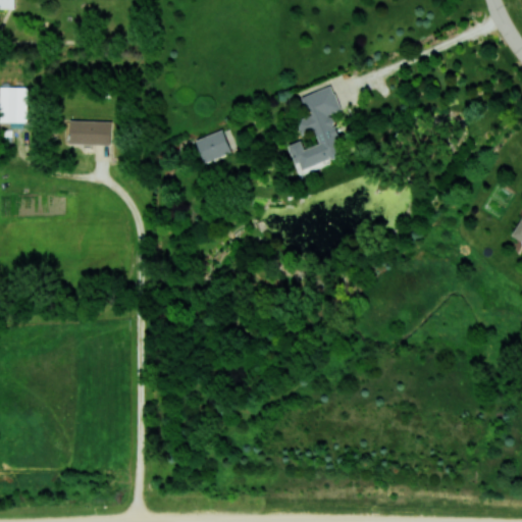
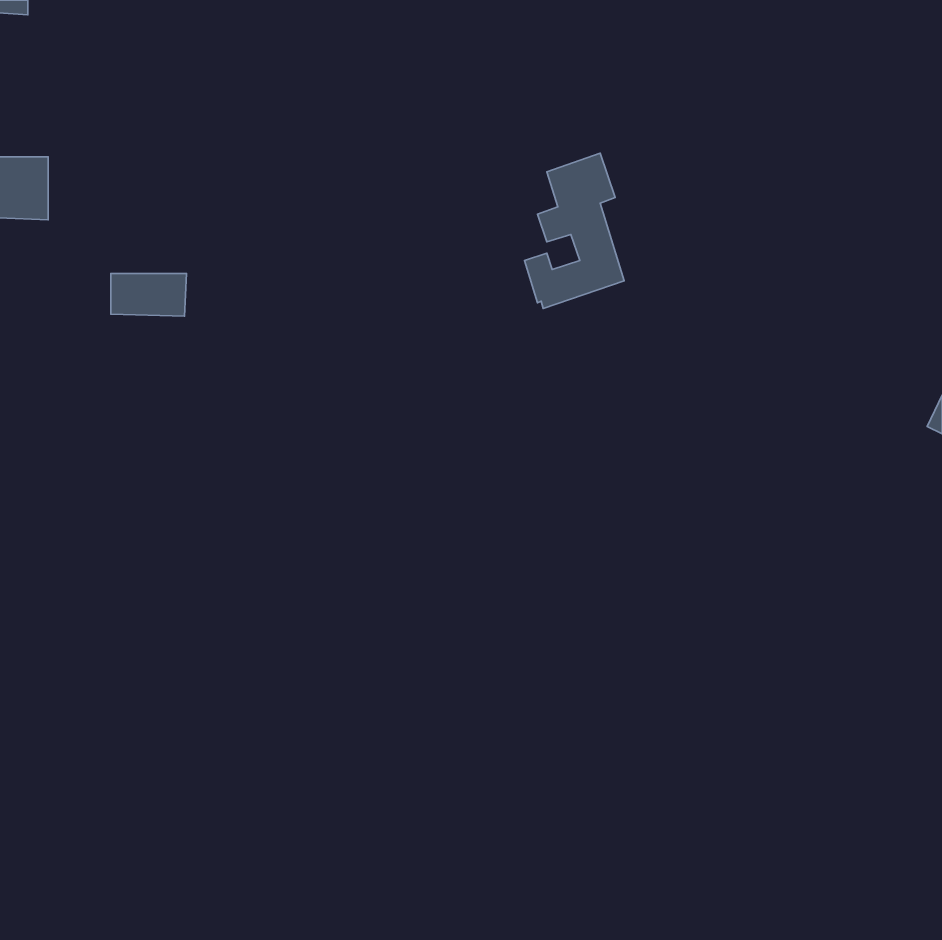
building: [69,122,111,146] -> [111,274,186,316]
building: [195,130,231,164] -> none

